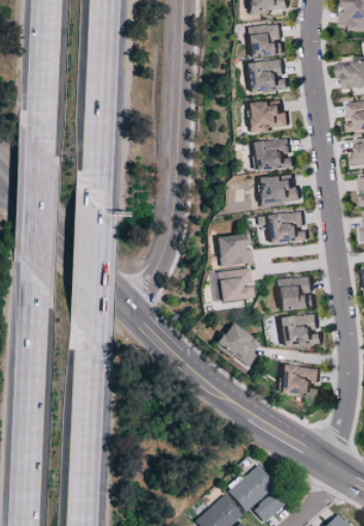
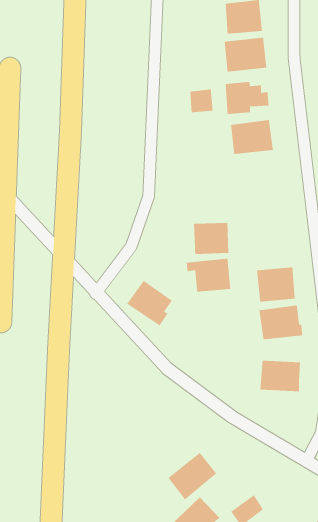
building: none -> [190,89,214,113]
building: [257,175,300,206] -> none
building: [265,210,306,243] -> none
building: [215,323,259,367] -> [126,280,173,327]
building: [228,465,276,512] -> [167,452,217,501]

